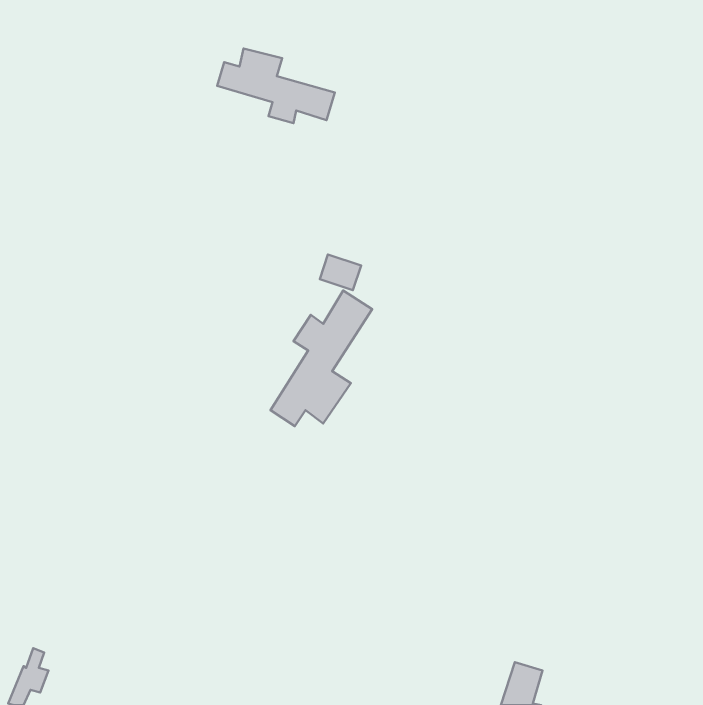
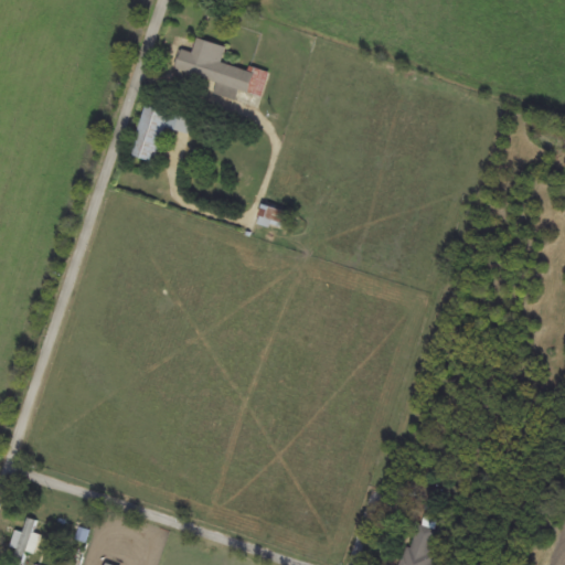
building: none -> [129,106,191,161]
building: [271,290,372,426] -> none

